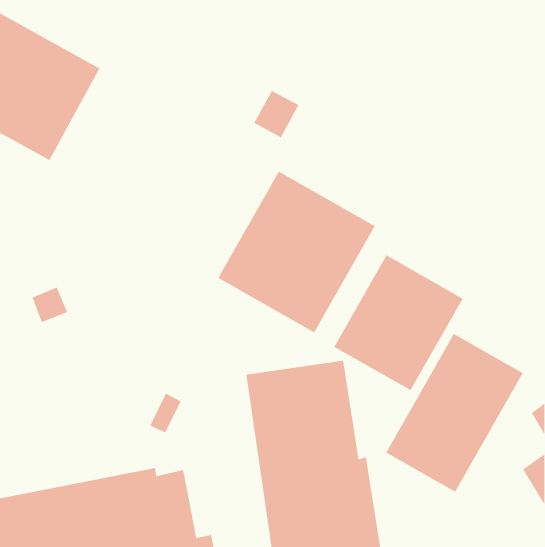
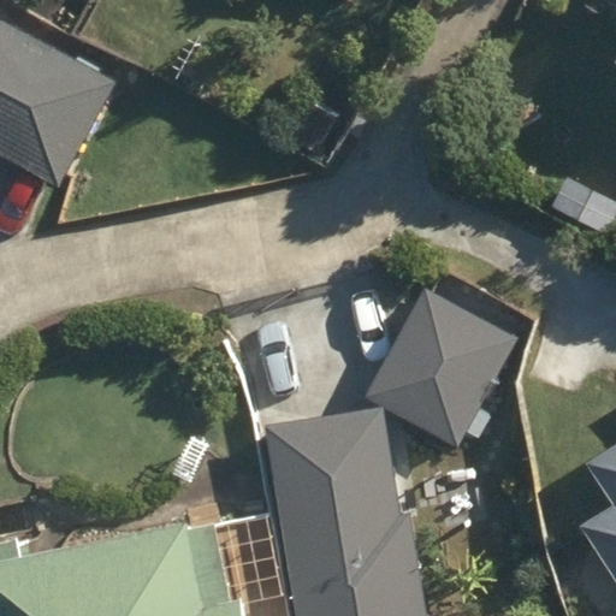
building: [217,170,376,333] -> none
building: [385,333,524,493] -> none

